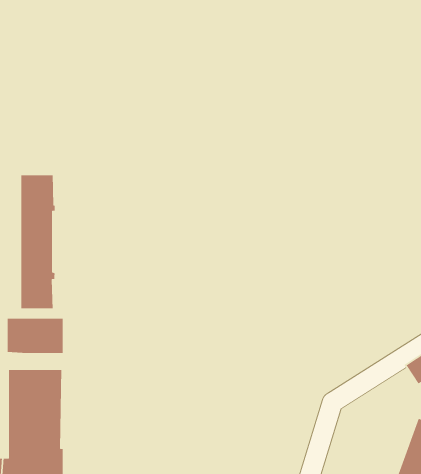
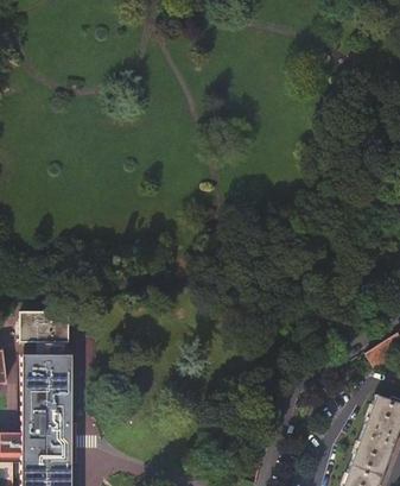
building: [20,174,56,309] -> none

